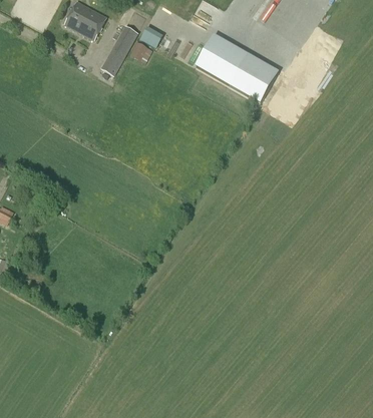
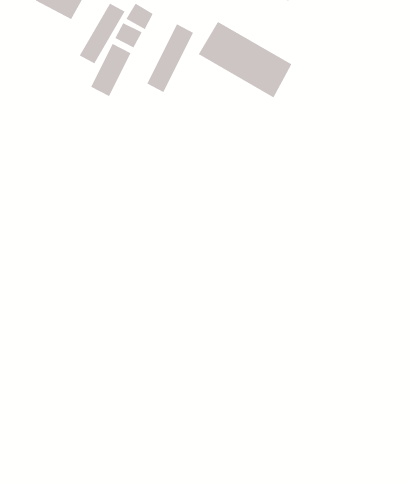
building: none -> [146,23,194,93]
building: none -> [91,43,131,97]

